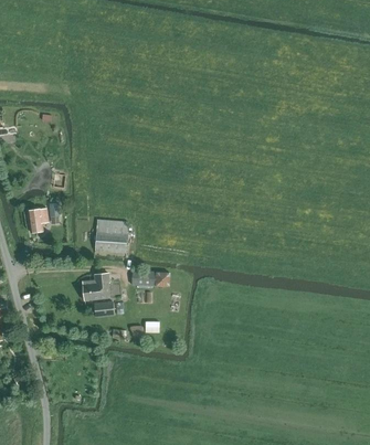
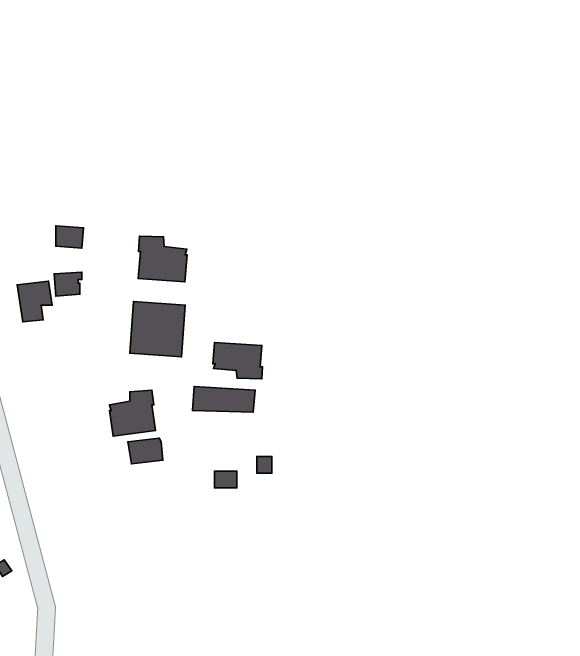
building: none -> [138,236,187,282]
building: none -> [213,343,262,379]

